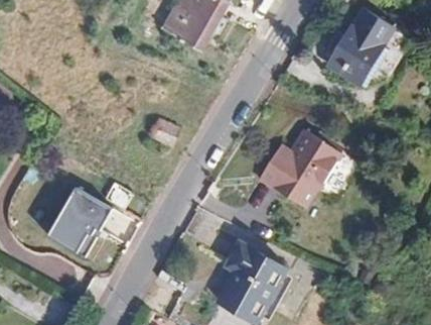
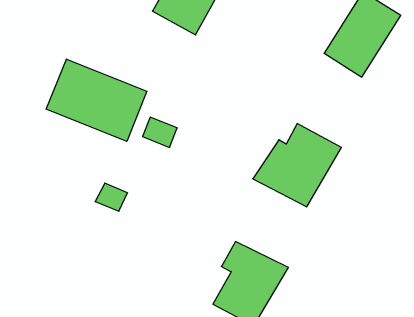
building: none -> [46,59,147,141]
building: [55,191,118,258] -> none

